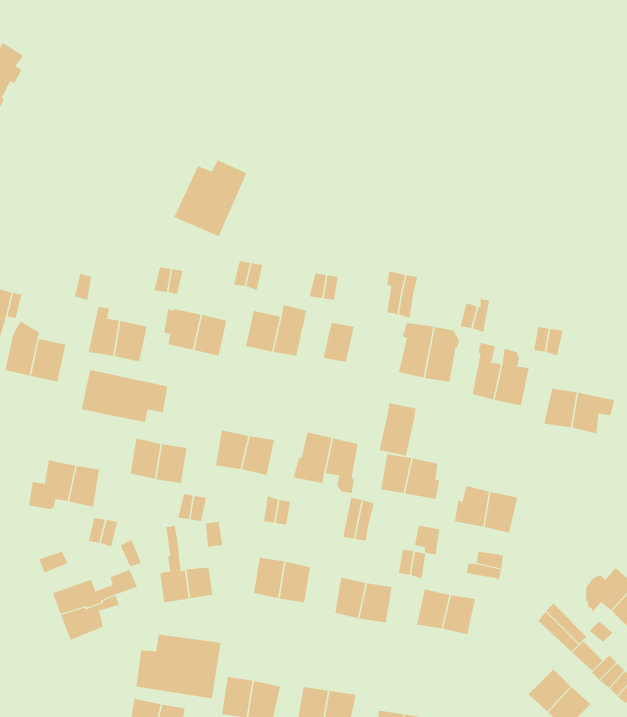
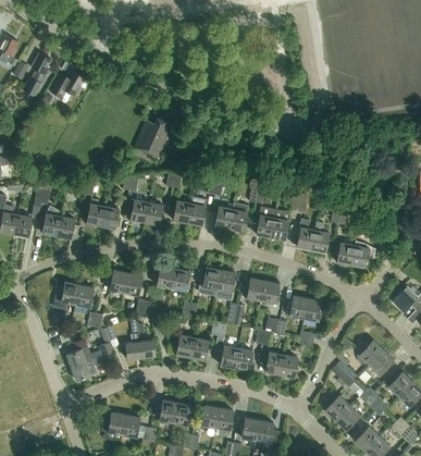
building: none -> [53,71,88,97]
building: [81,369,168,423] -> none
building: [379,402,417,456] -> [227,201,248,231]
building: [136,634,221,699] -> none

